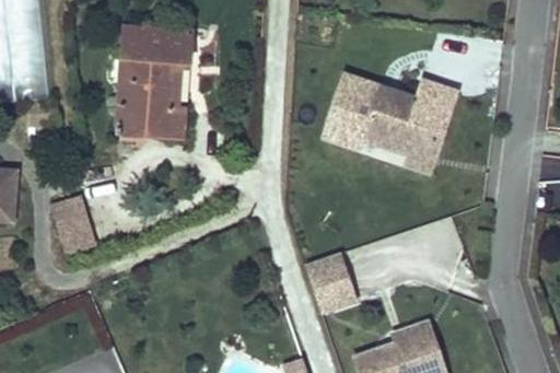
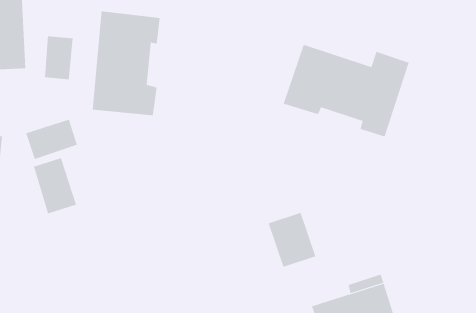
building: none -> [44,36,73,80]
building: none -> [26,119,78,160]

